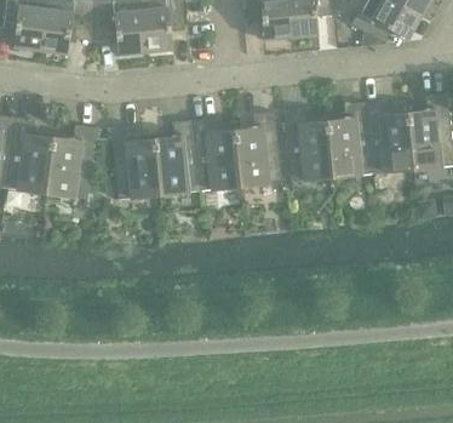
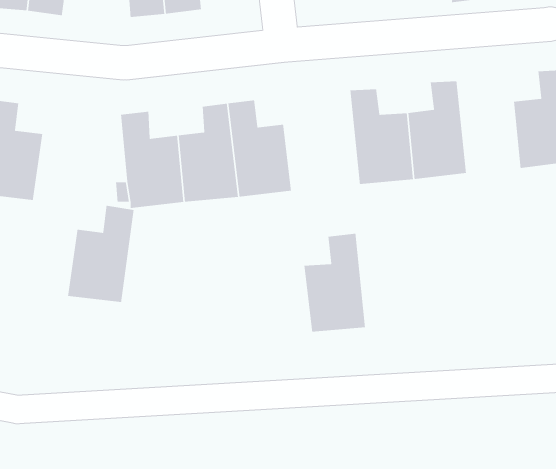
building: [363,98,411,171] -> none
building: [233,109,280,184] -> [303,233,366,333]
building: [44,122,94,196] -> [67,205,135,303]

